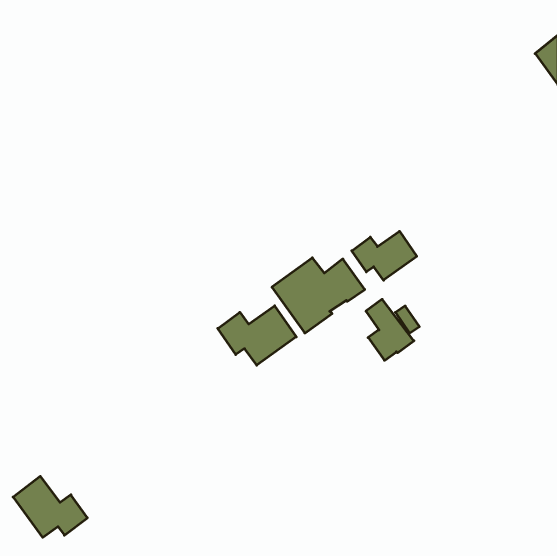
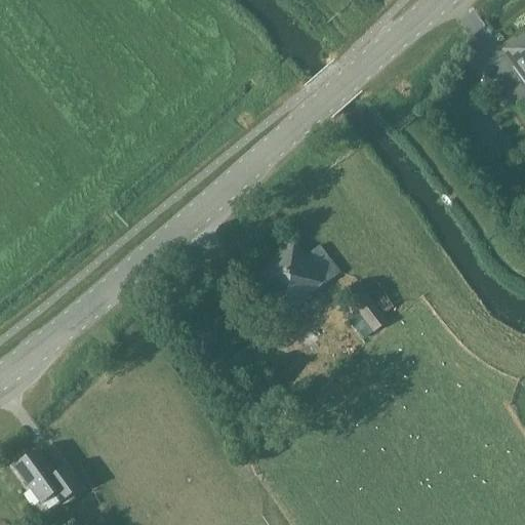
building: [352,231,417,280] -> none
building: [218,306,296,365] -> none

